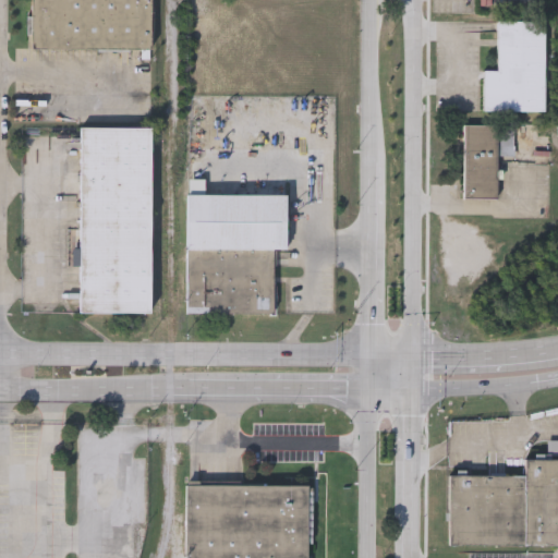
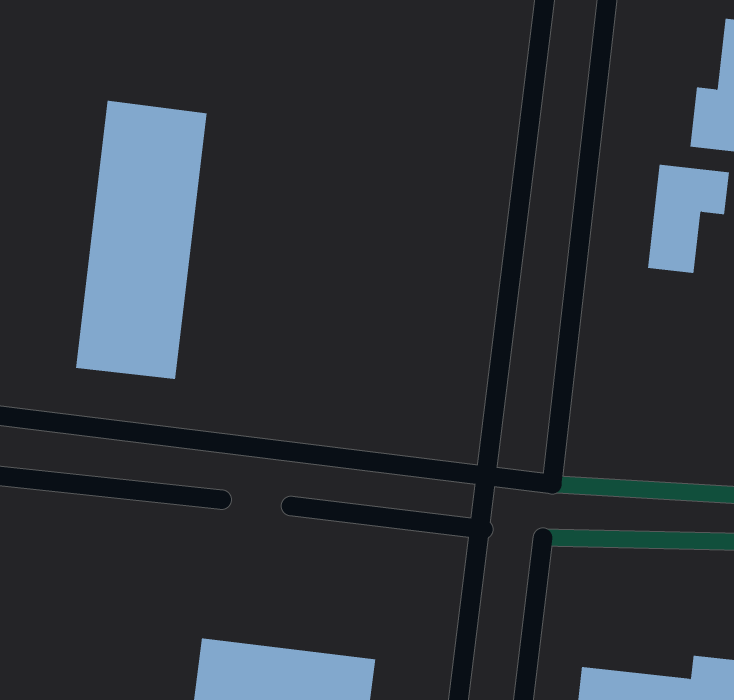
building: [189,178,288,312] -> none

